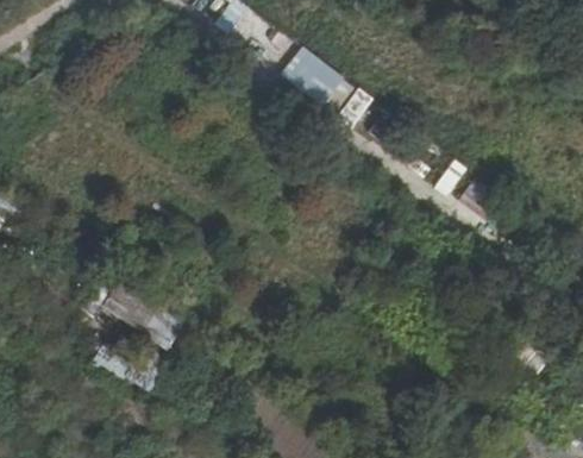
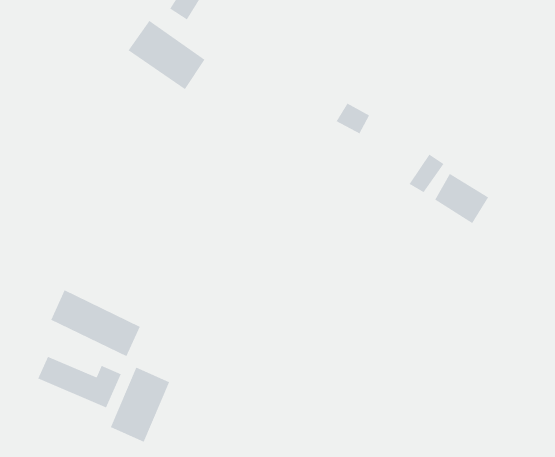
building: [280,45,352,111] -> [127,20,206,90]
building: none -> [110,367,170,443]

